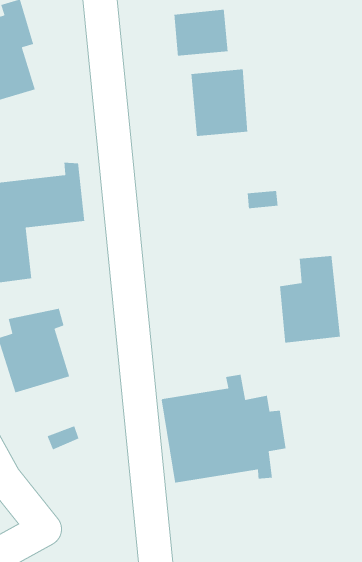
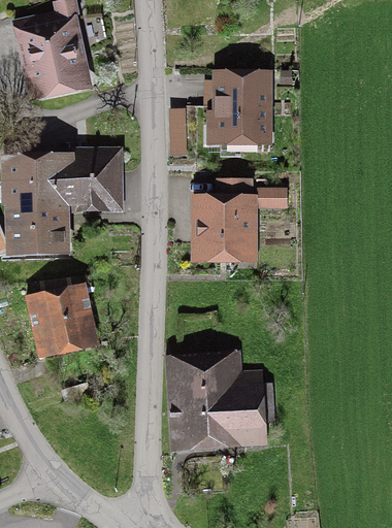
building: [173,9,228,57] -> none
building: [279,255,341,343] -> [199,182,250,256]

